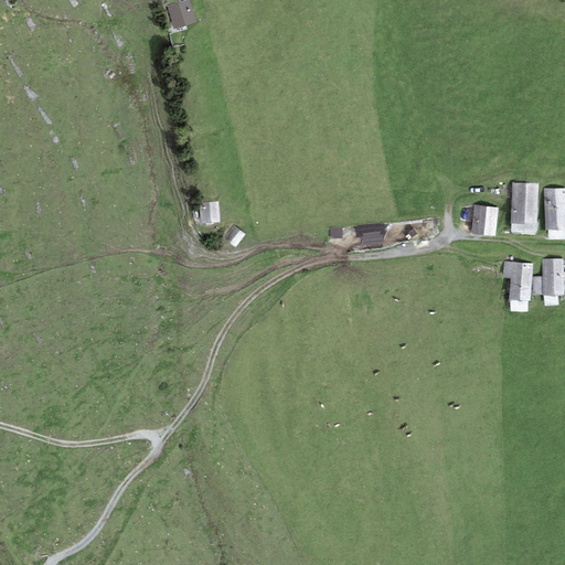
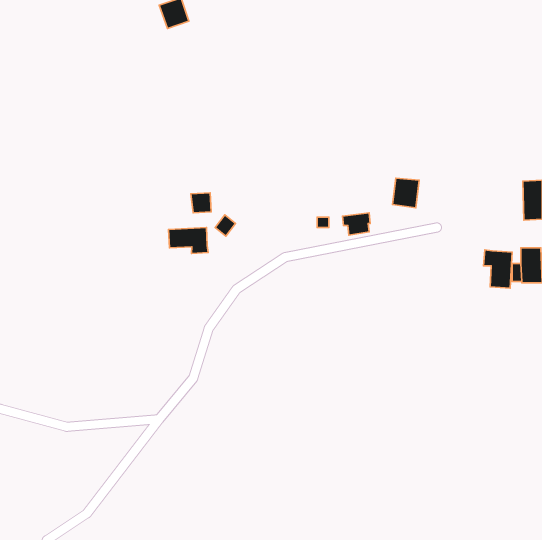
building: [510,181,539,232] -> none
building: [471,204,499,235] -> [393,178,419,208]
building: none -> [168,227,208,253]

